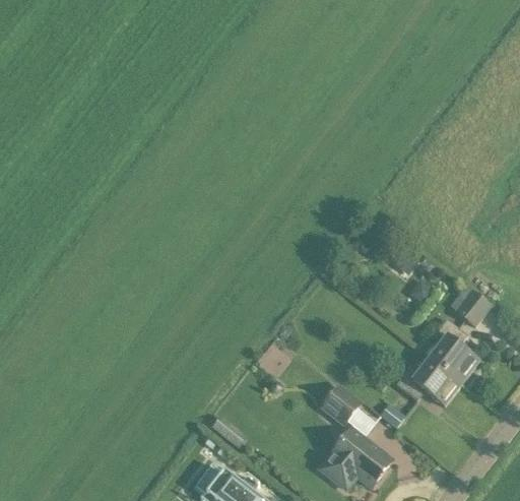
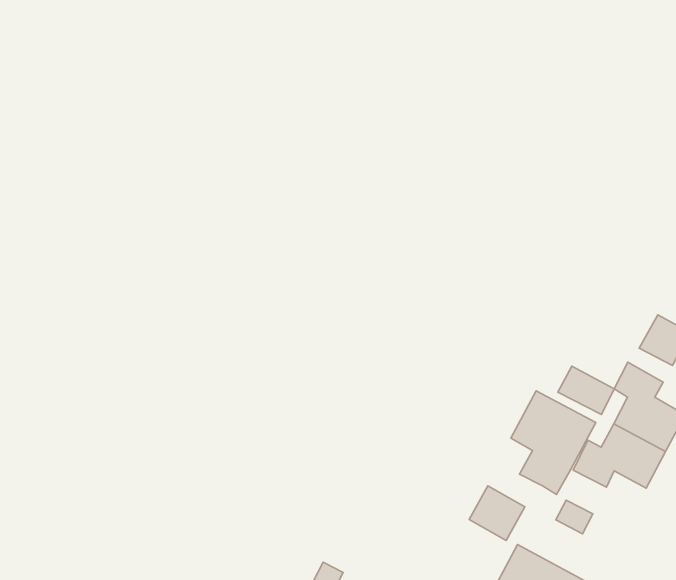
building: none -> [558,366,614,414]
building: none -> [511,391,596,494]

